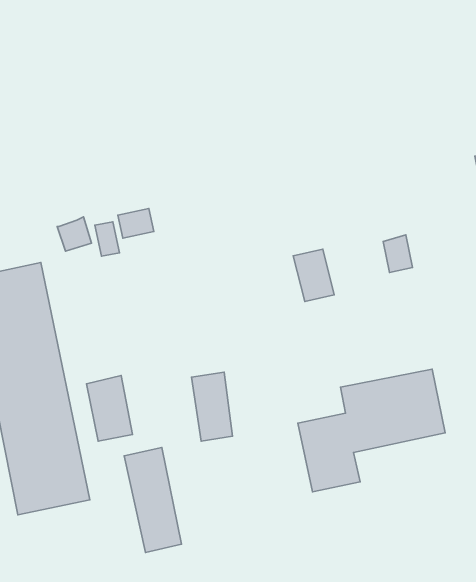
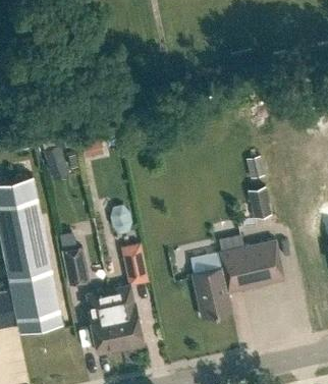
building: [293,249,334,302] -> [247,185,272,218]
building: none -> [108,284,144,349]

